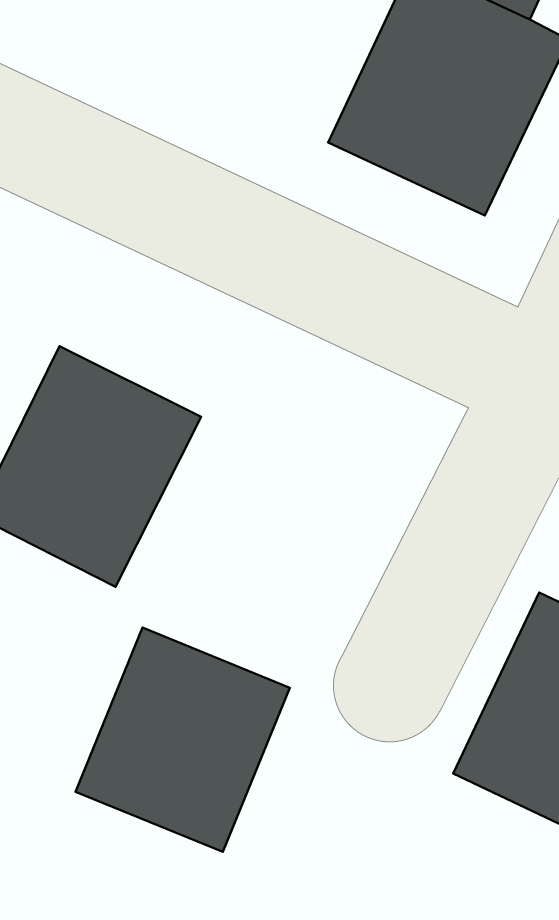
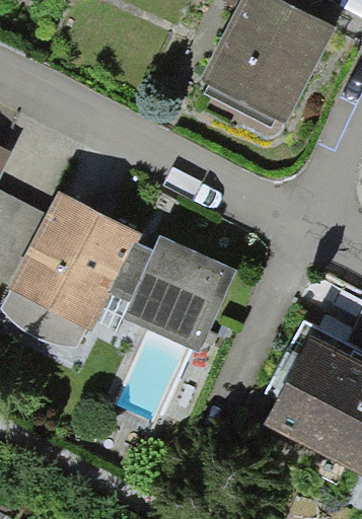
building: none -> [129,241,233,349]
building: [75,628,290,852] -> none

